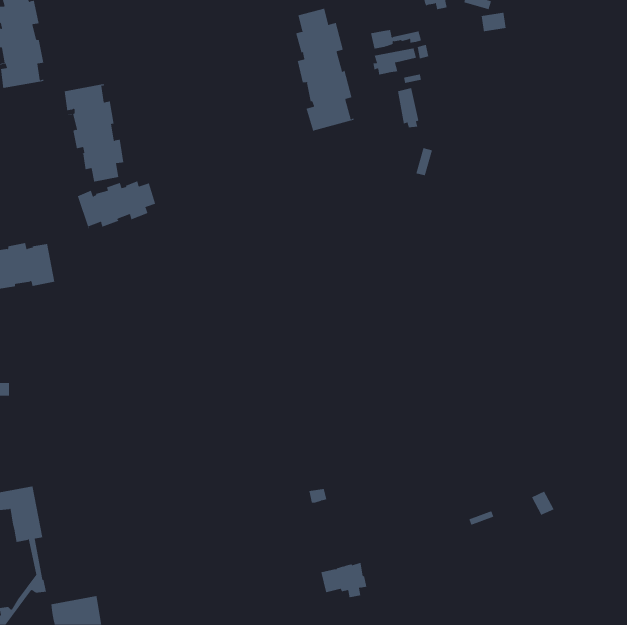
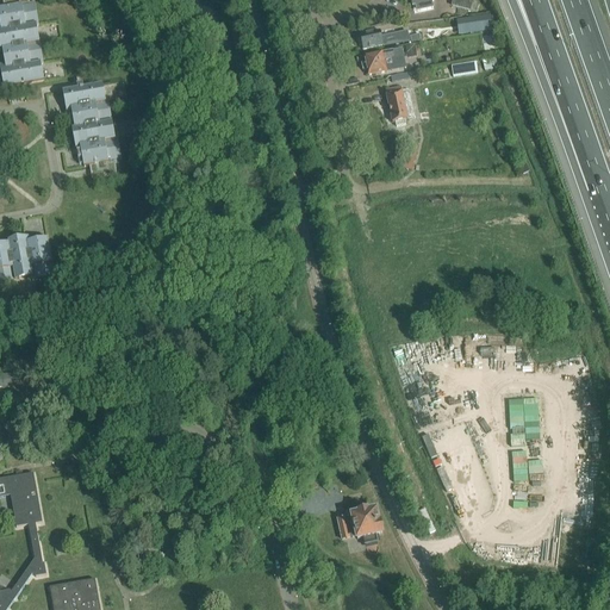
building: [296,8,355,132] -> none
building: [77,181,156,230] -> none
building: [321,562,367,598] -> [336,508,381,542]

